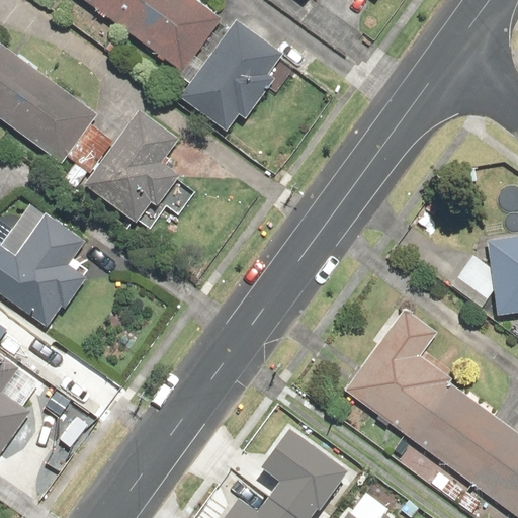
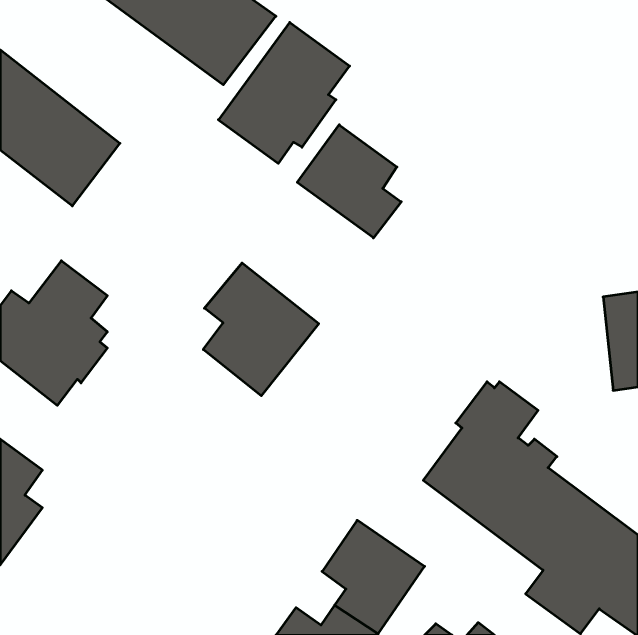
building: none -> [297,125,401,238]
building: [84,110,180,224] -> none
building: none -> [203,263,319,396]

